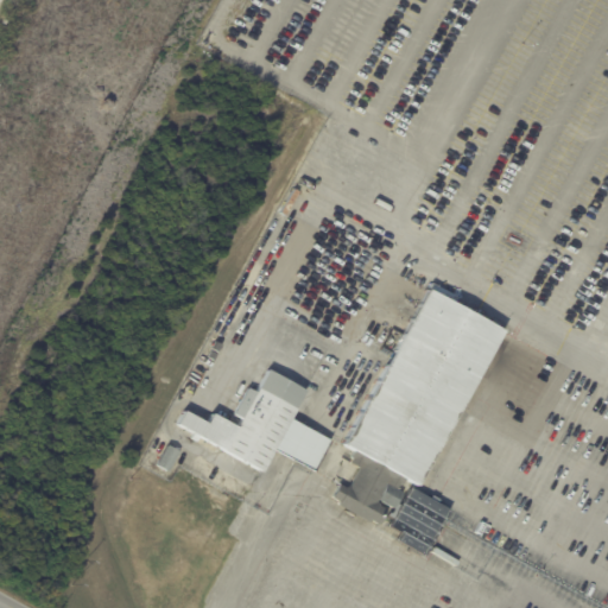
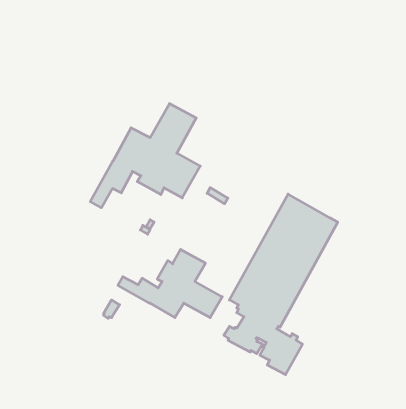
building: none -> [90,104,200,208]

